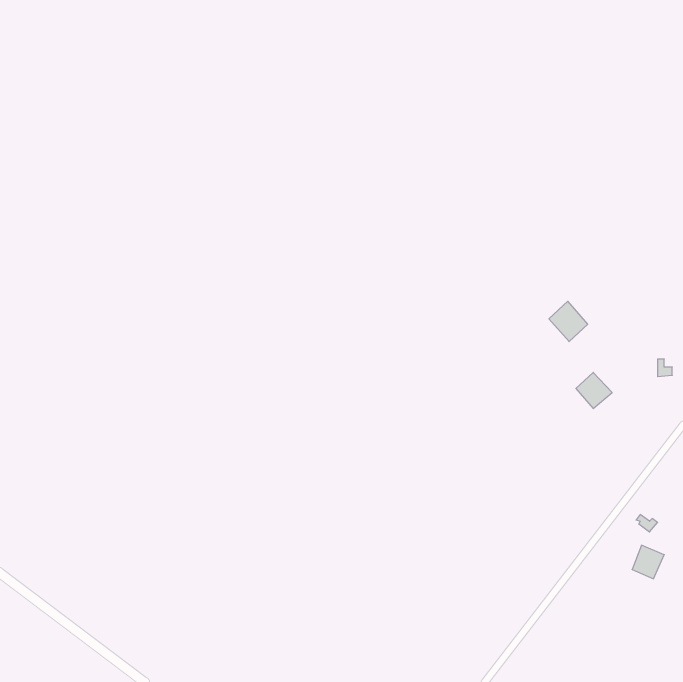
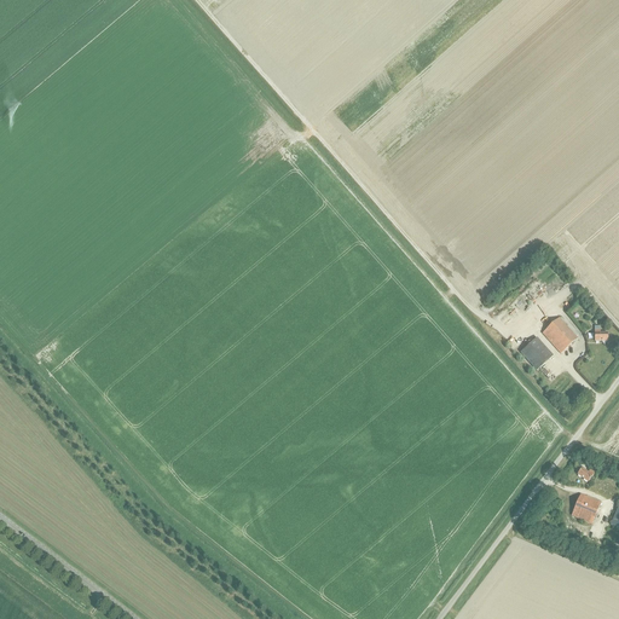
building: [549,301,588,342] -> [542,316,577,352]

